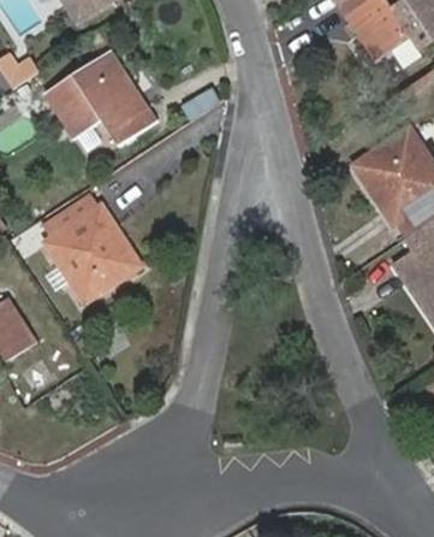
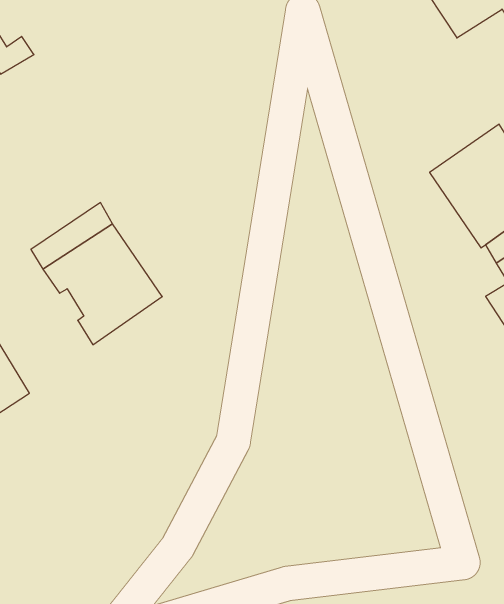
building: [44,49,154,142] -> none

